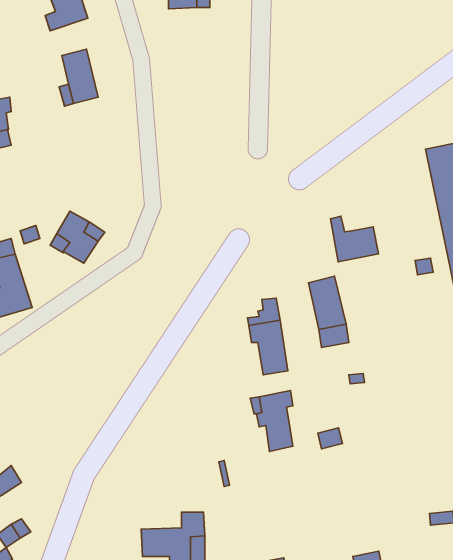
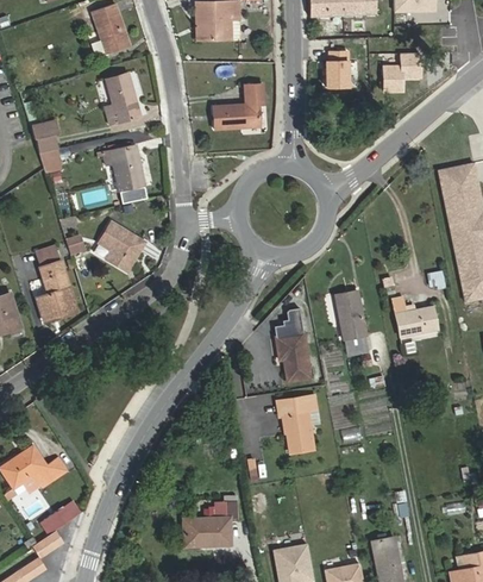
building: none -> [327,49,351,86]
building: none -> [385,51,421,89]
building: none -> [213,86,263,131]
building: none -> [107,142,143,194]
building: [330,216,378,262] -> [391,295,435,337]

